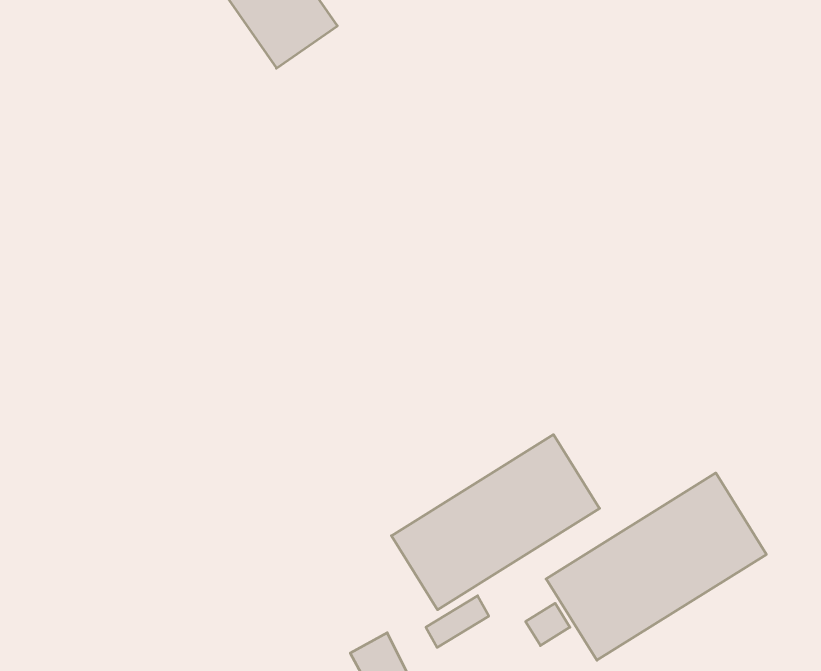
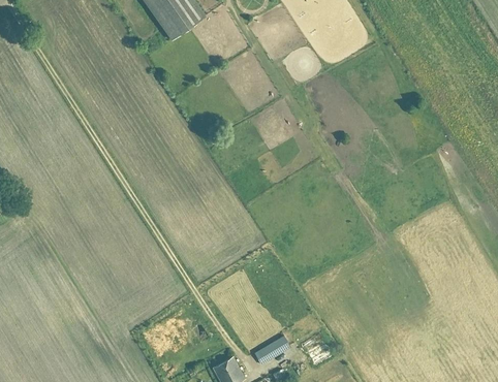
building: [391,435,600,610] -> none
building: [546,473,766,660] -> none

